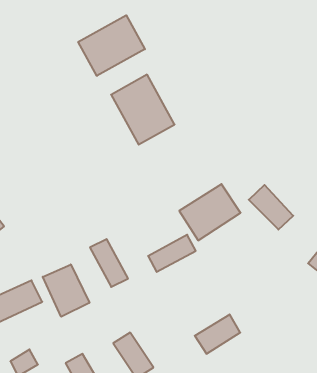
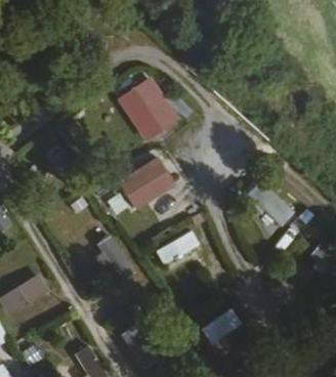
building: [78,15,145,76] -> none
building: [179,184,241,240] -> [117,156,176,210]
building: [43,264,89,317] -> none

